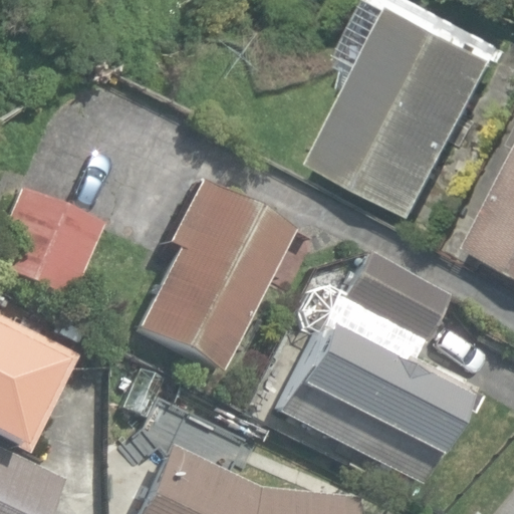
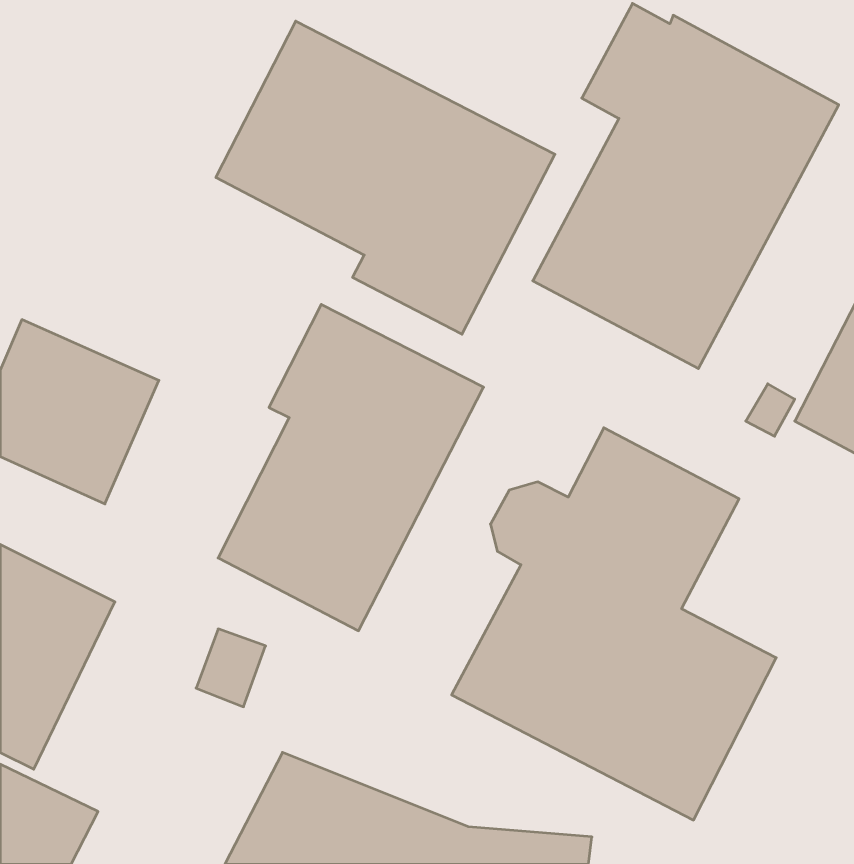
building: none -> [216,21,555,334]

